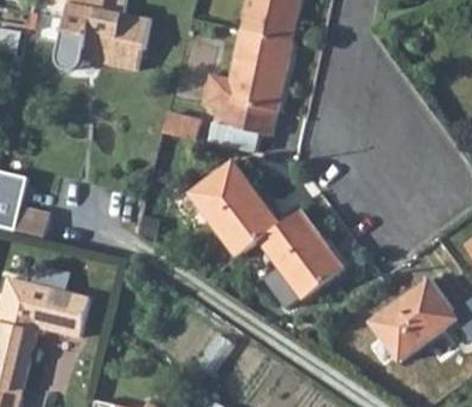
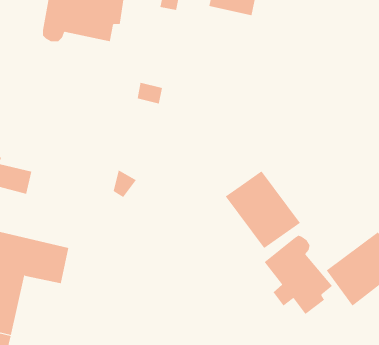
building: [203,29,289,133] -> none
building: [192,161,276,255] -> none
building: none -> [264,235,333,315]

